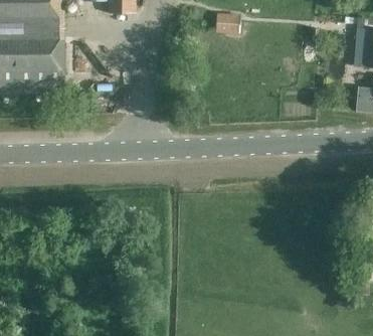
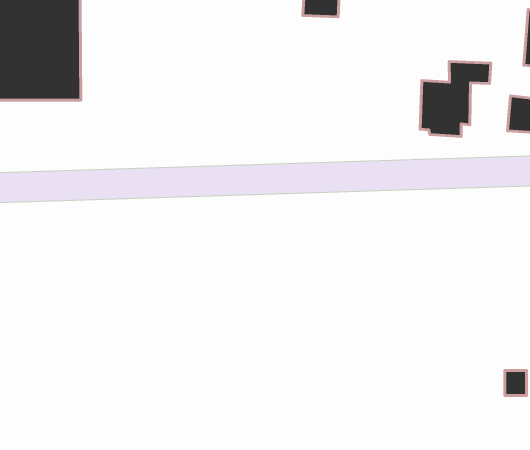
building: none -> [420,62,491,136]

